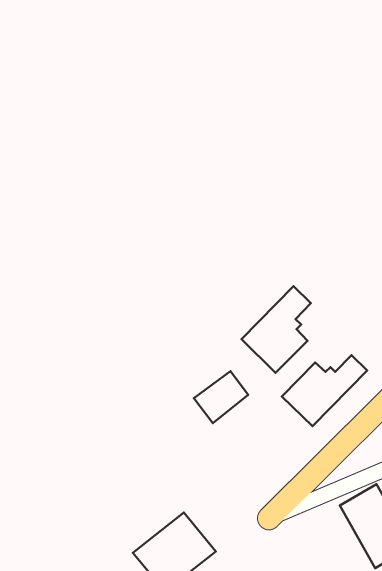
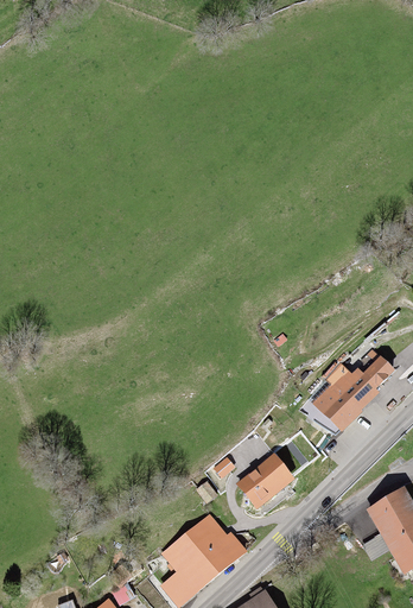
building: [242,286,311,373] -> none
building: [194,371,248,423] -> [236,455,291,507]

